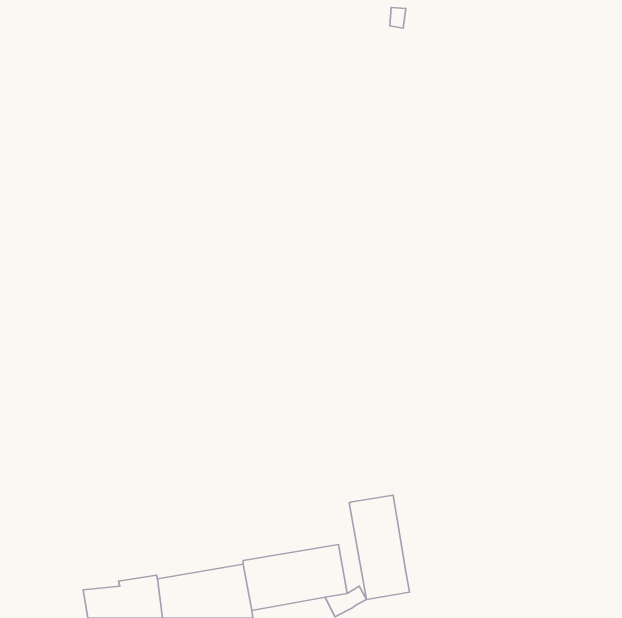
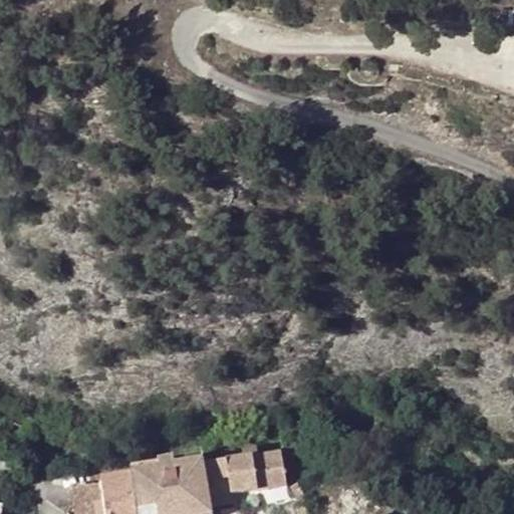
building: [349,495,410,600] -> none

